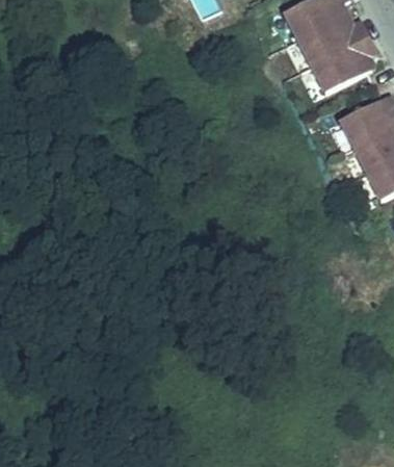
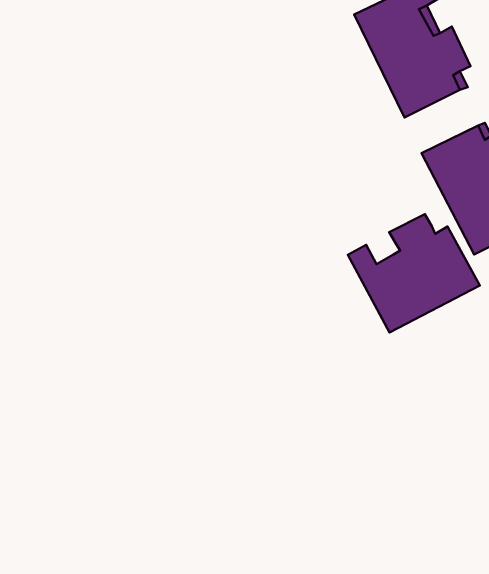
building: none -> [348,214,480,333]

